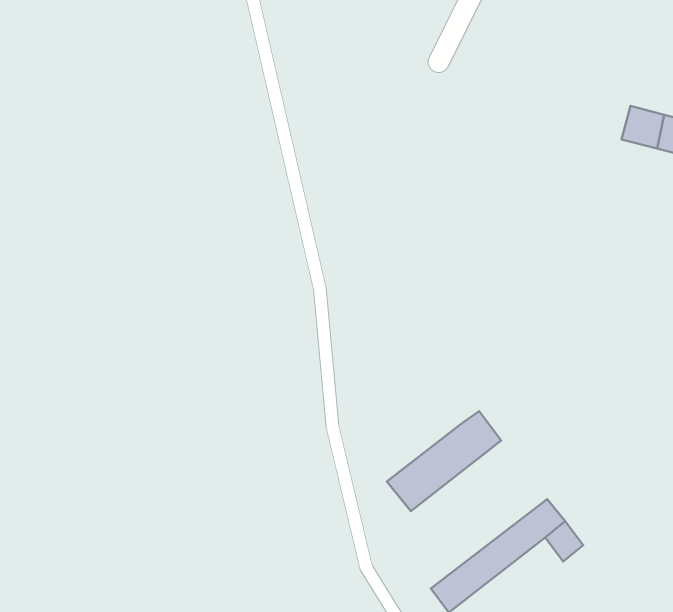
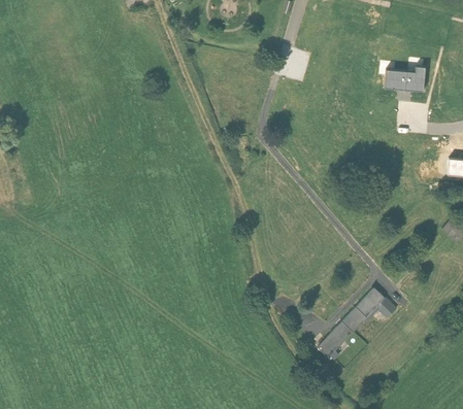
building: [387,411,501,511] -> none

